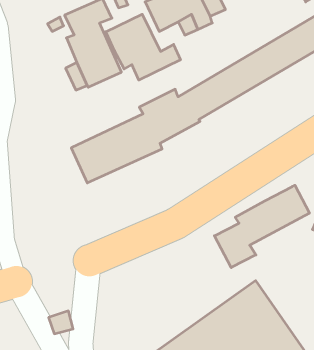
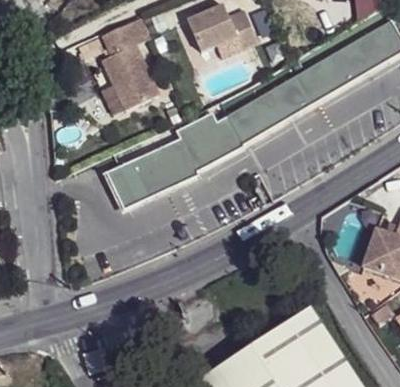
building: [106,14,180,80] -> none
building: [214,185,309,268] -> none

